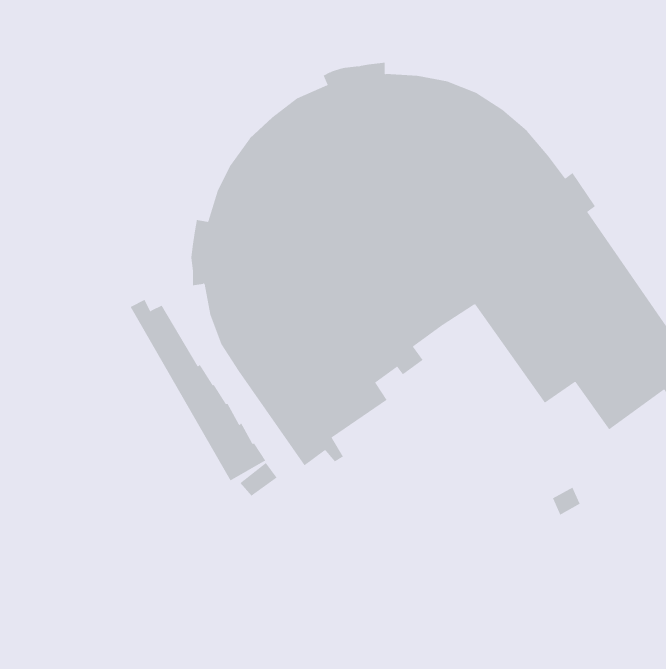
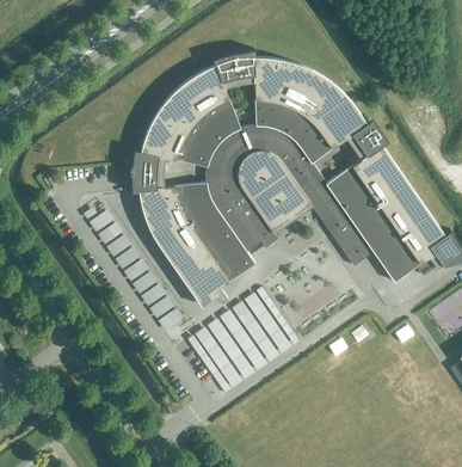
building: none -> [191,282,303,387]

